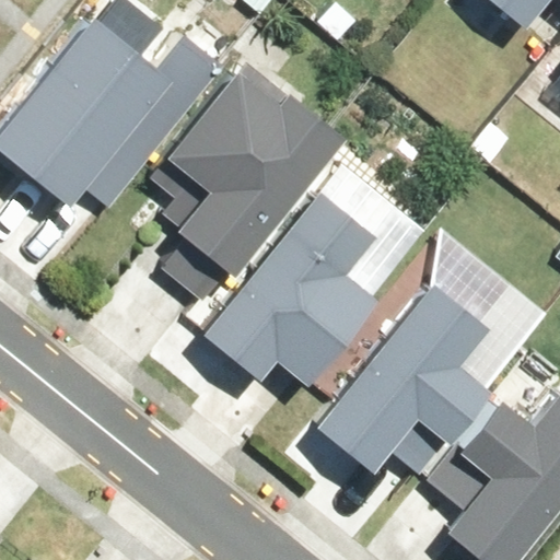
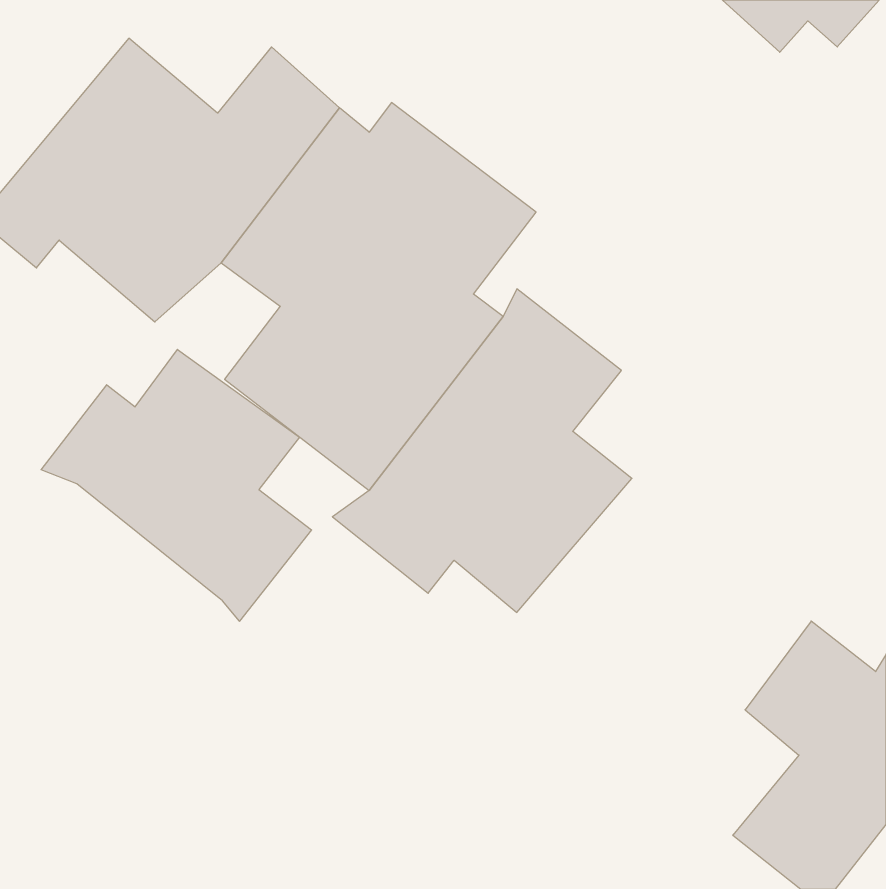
building: none -> [41,349,312,621]
building: [338,279,510,467] -> none

